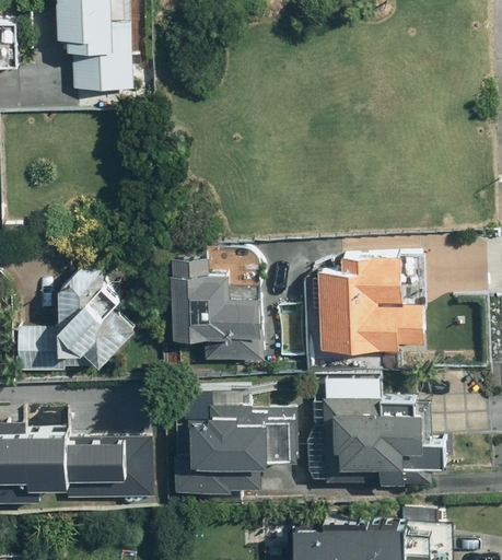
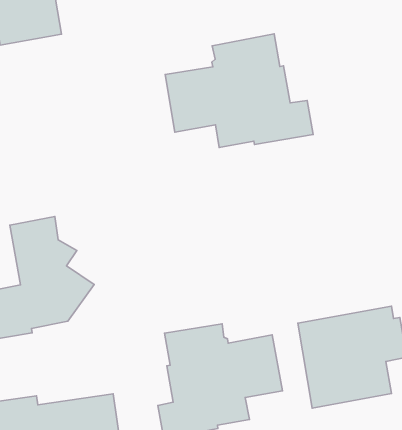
building: none -> [165,34,313,147]
building: [315,256,425,352] -> none
building: [168,259,261,361] -> none

